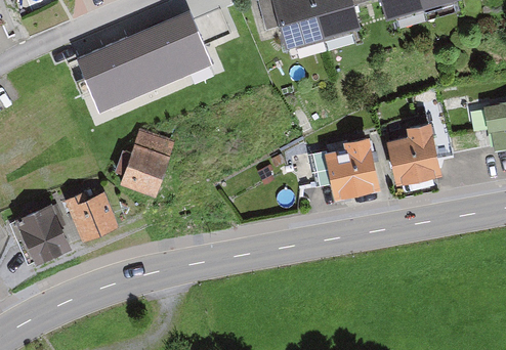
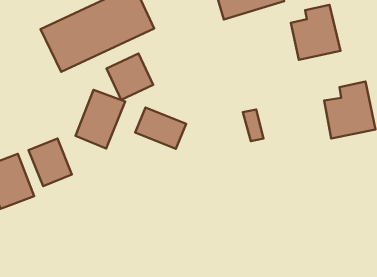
building: none -> [106,53,153,100]
building: [341,136,397,199] -> [291,5,340,60]
building: none -> [135,107,186,149]

